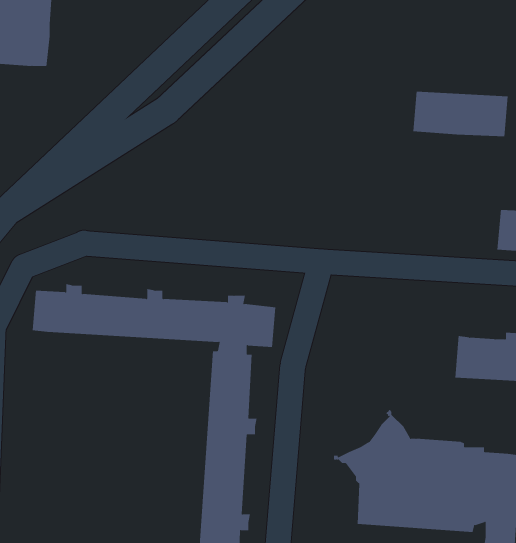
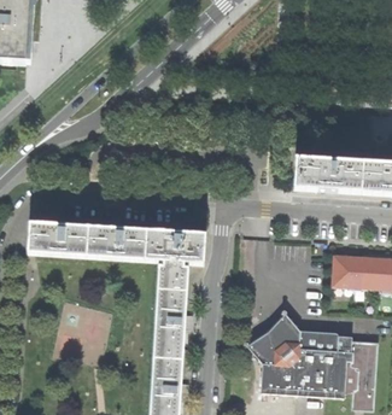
building: [413,91,509,137] -> [293,162,362,194]

